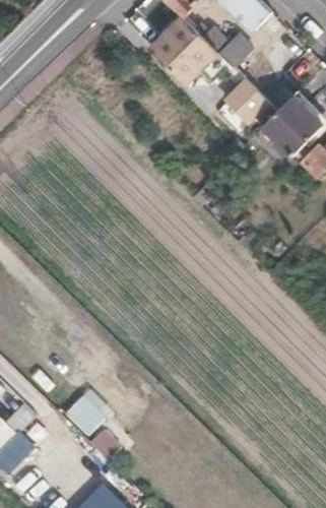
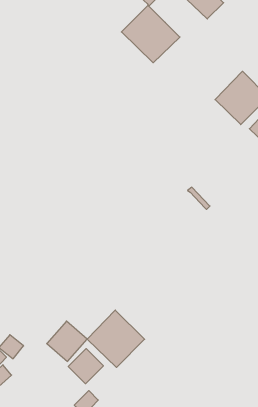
building: [203,22,253,65] -> none
building: [226,76,269,119] -> none
building: none -> [87,310,145,367]

